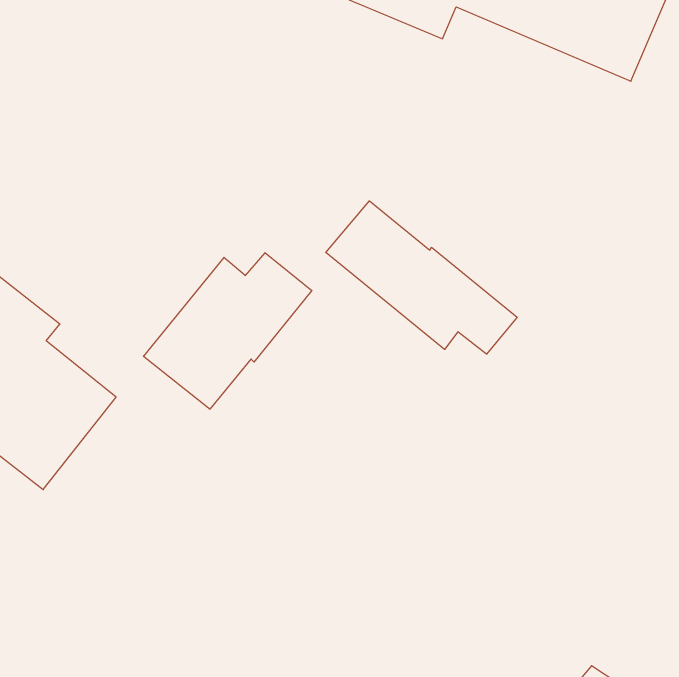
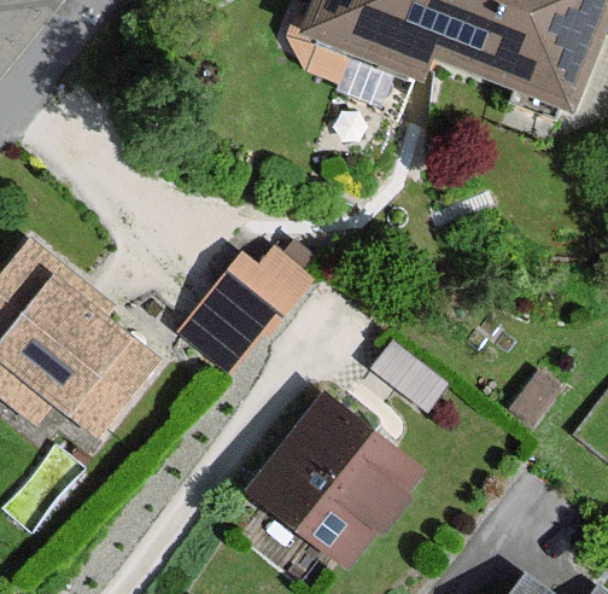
building: [326,201,517,354] -> none
building: none -> [249,400,417,567]

